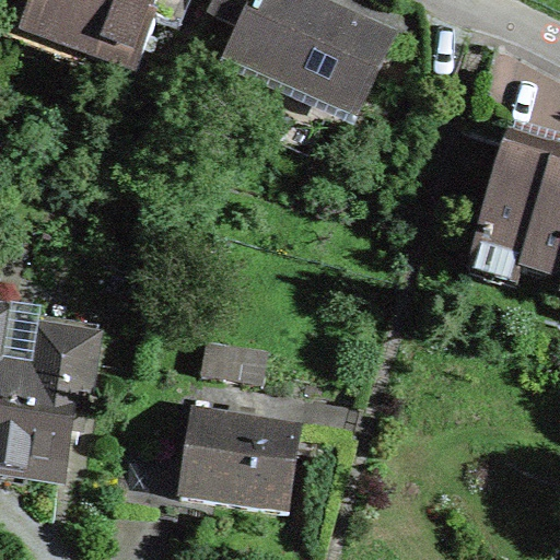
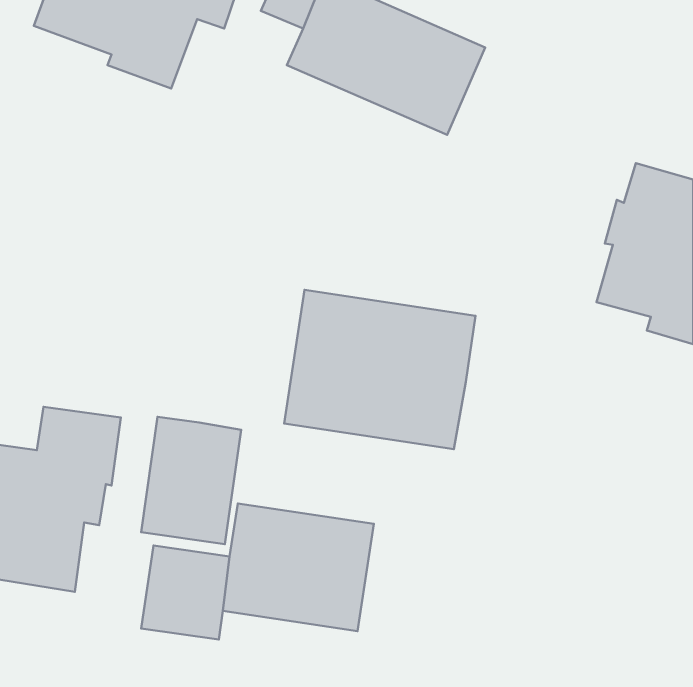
building: none -> [284,290,476,449]
building: none -> [141,417,241,544]

